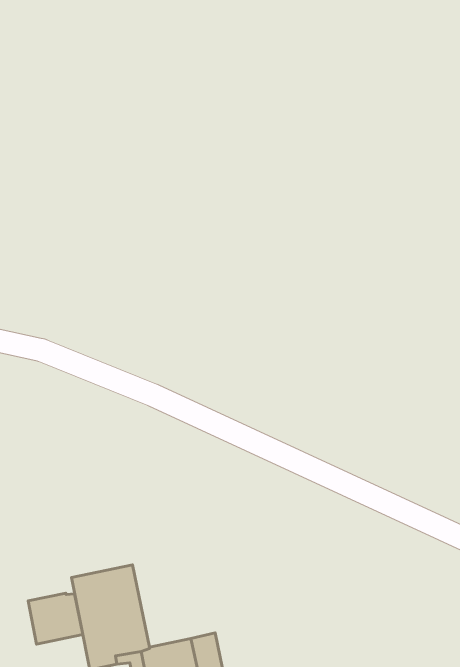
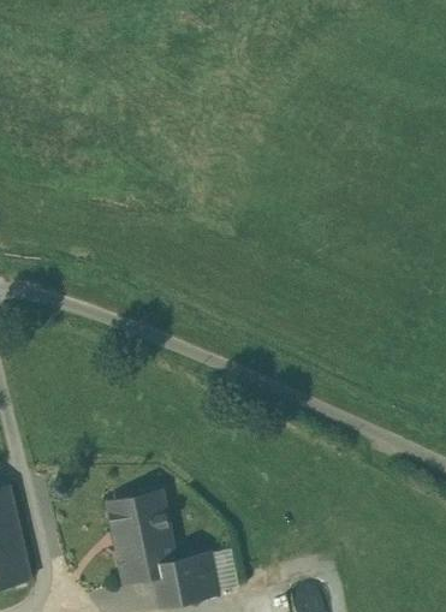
building: [28,593,83,644] -> none

